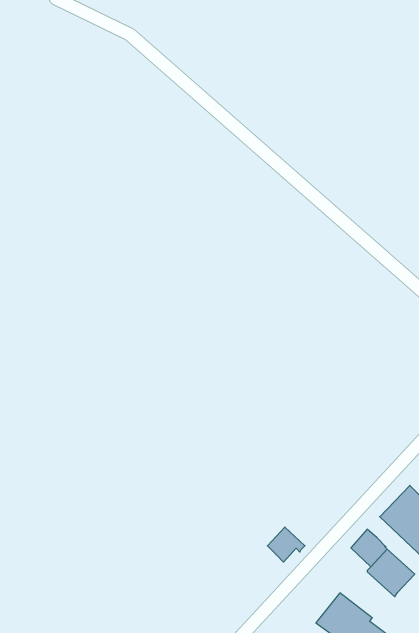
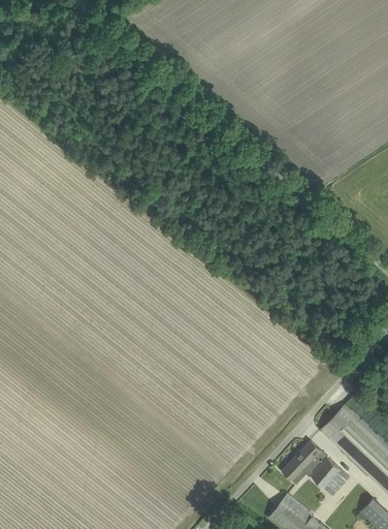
building: [267,527,305,562] -> [283,456,314,485]

